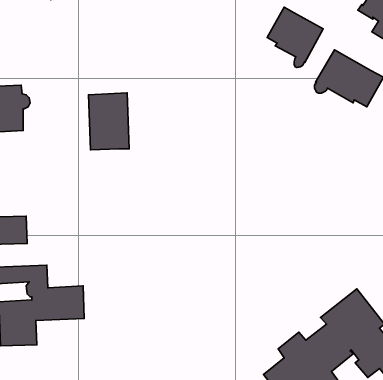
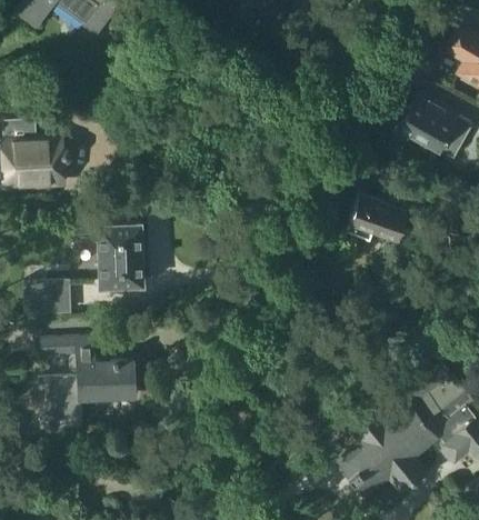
building: [267,7,323,68] -> none
building: [89,93,129,150] -> [99,224,144,289]
building: none -> [347,192,431,243]

